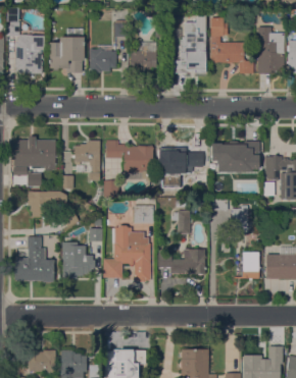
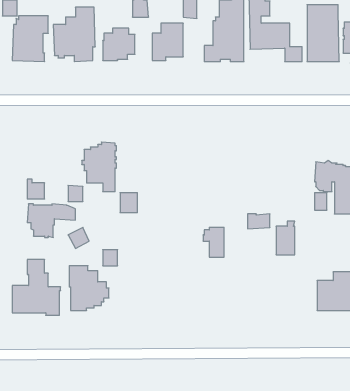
building: [12,137,55,170] -> none
building: [105,140,153,181] -> none
building: [210,142,256,180] -> none
building: [157,148,202,188] -> none
building: [133,205,155,223] -> none
building: [102,225,150,282] -> none
building: [157,250,204,276] -> none
building: [240,252,258,278] -> none

